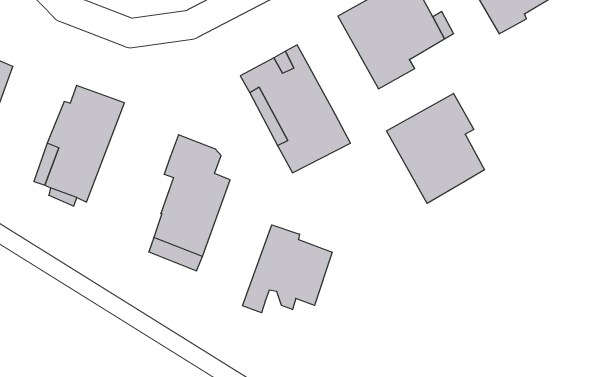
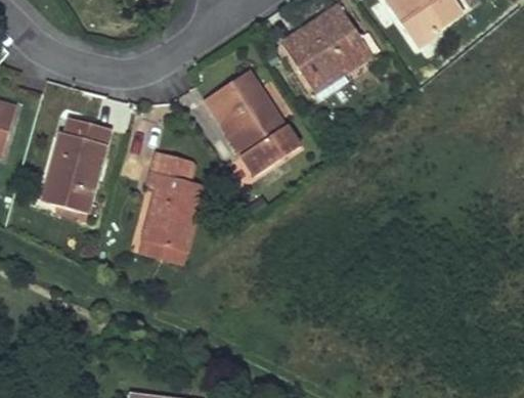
building: [387,93,484,203] -> none
building: [243,225,332,313] -> none

